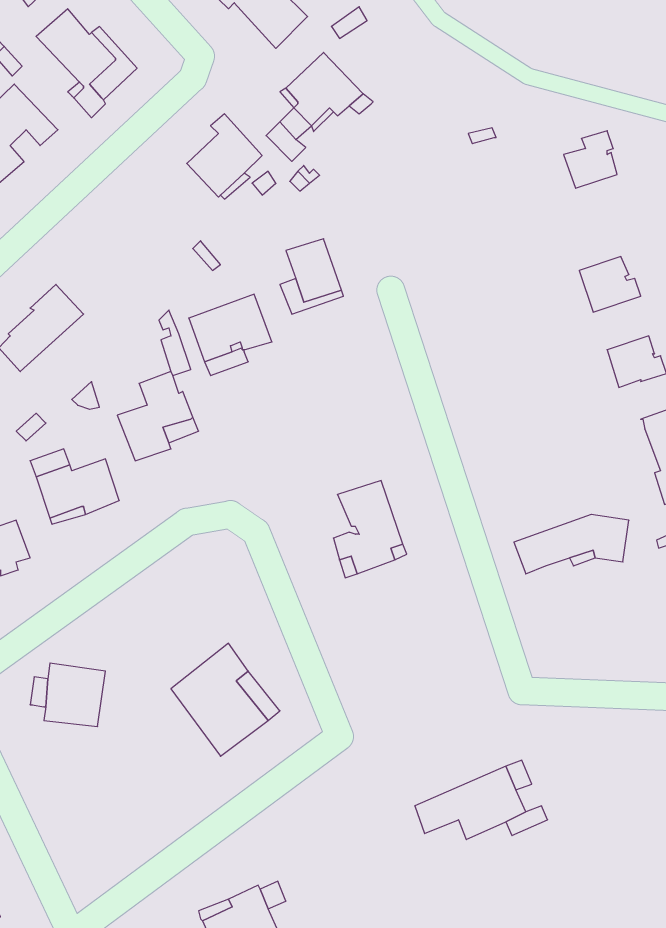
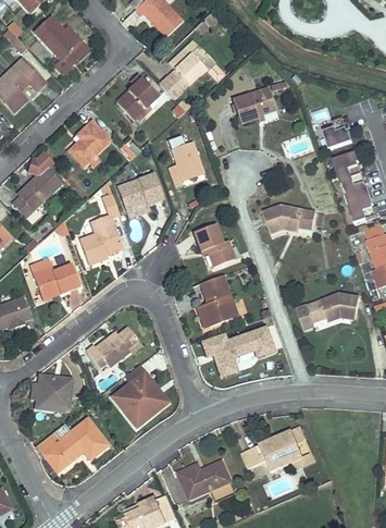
building: [564,131,617,188] -> [322,118,351,149]
building: none -> [231,86,275,122]
building: none -> [70,120,110,164]
building: none -> [339,173,370,202]
building: none -> [262,205,315,233]
building: none -> [194,223,235,266]
building: none -> [85,326,141,368]
building: none -> [199,326,274,377]
building: none -> [36,417,107,469]
building: none -> [177,462,231,501]

